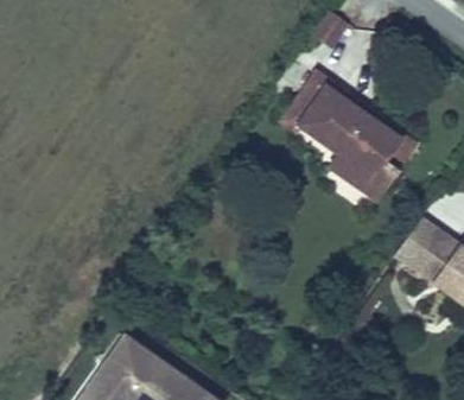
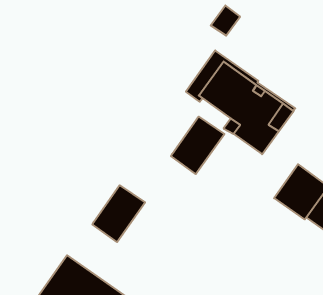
building: none -> [171,117,224,174]
building: none -> [92,185,145,242]

